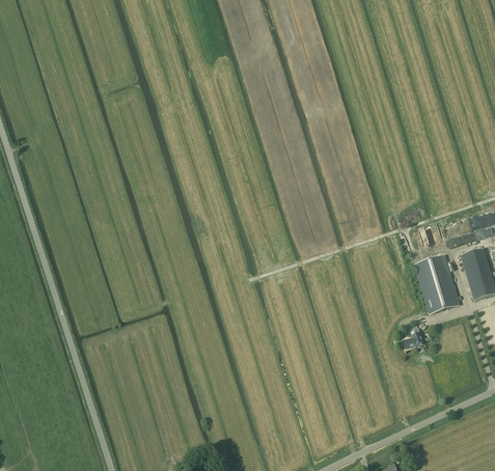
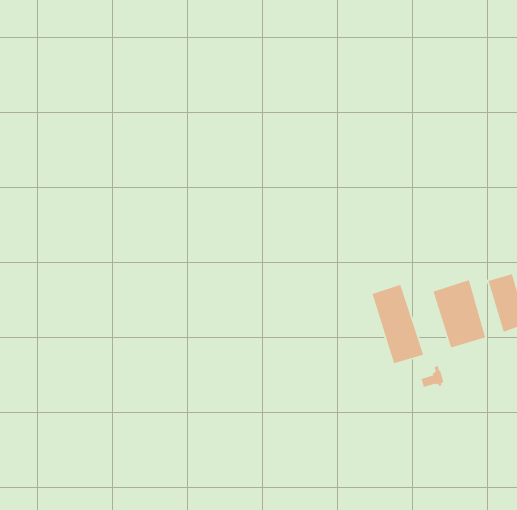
building: none -> [371,284,424,364]

